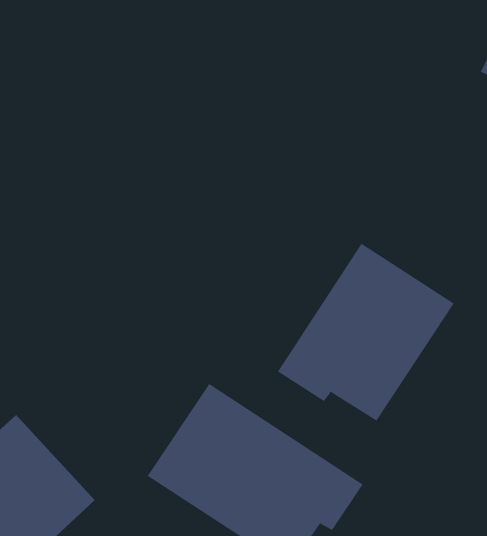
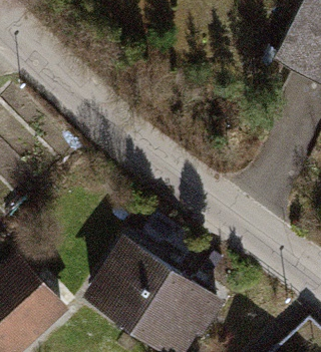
building: [277,243,455,421] -> none

